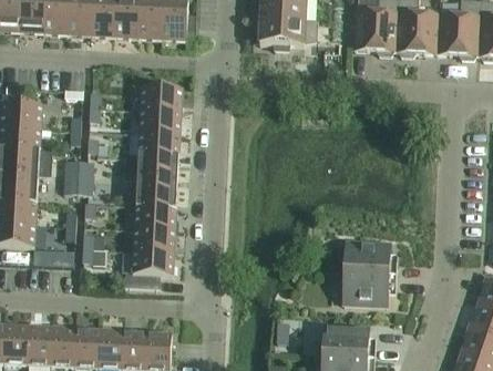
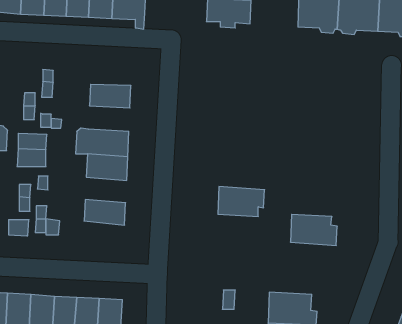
building: [138,86,182,109] -> none
building: [136,130,179,156] -> none
building: [133,204,176,230] -> none
building: [125,249,174,288] -> none
building: [346,271,394,302] -> [218,187,265,216]

